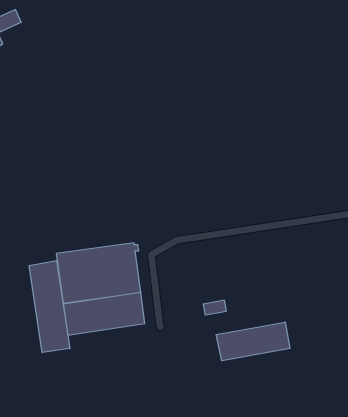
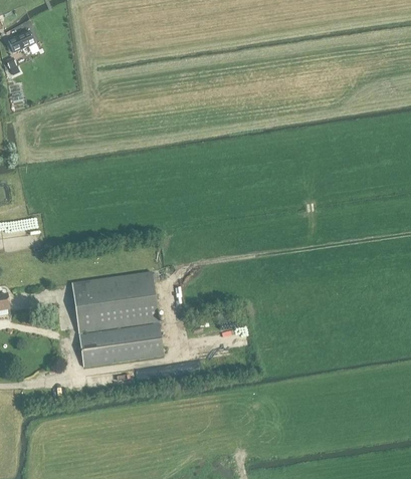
building: [29,261,70,353] -> none
building: [216,322,290,361] -> none

